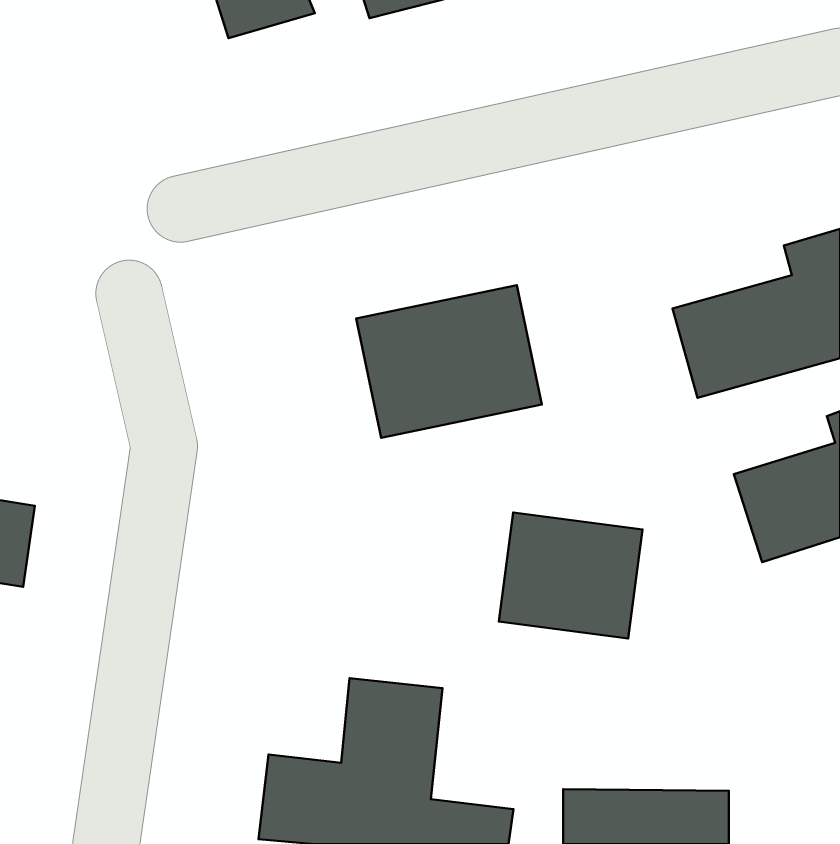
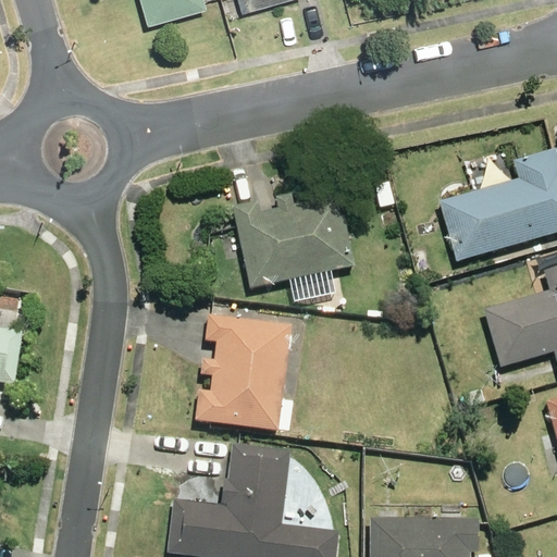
building: none -> [193,312,293,431]
building: [499,512,643,639] -> none

